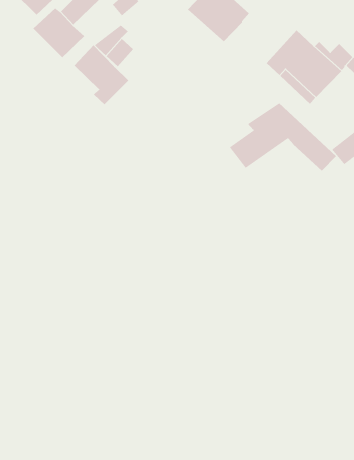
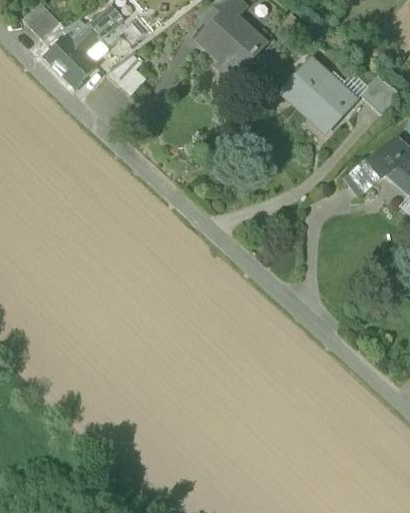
building: [74,45,129,105] -> none
building: [229,102,337,172] -> none

